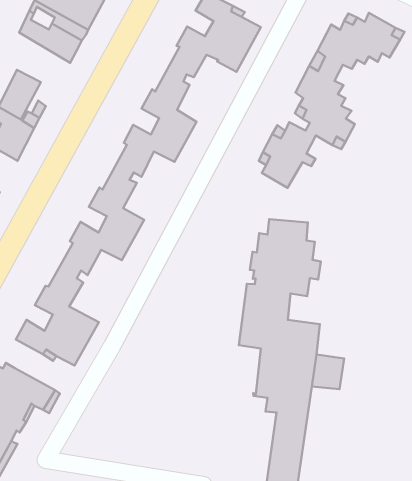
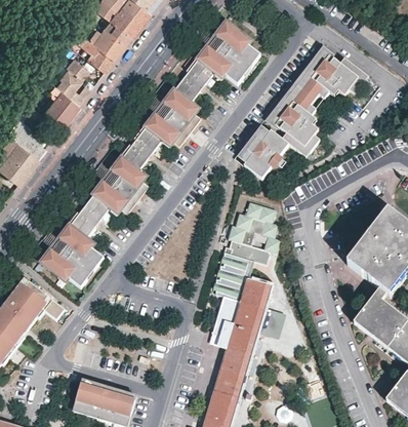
building: none -> [74,28,114,69]

